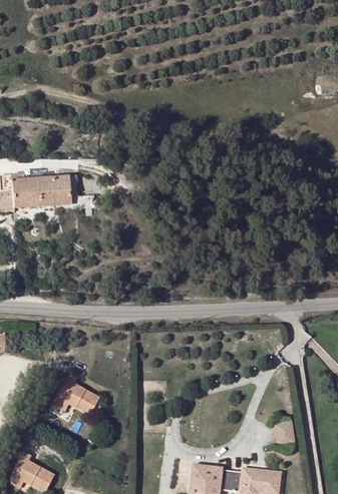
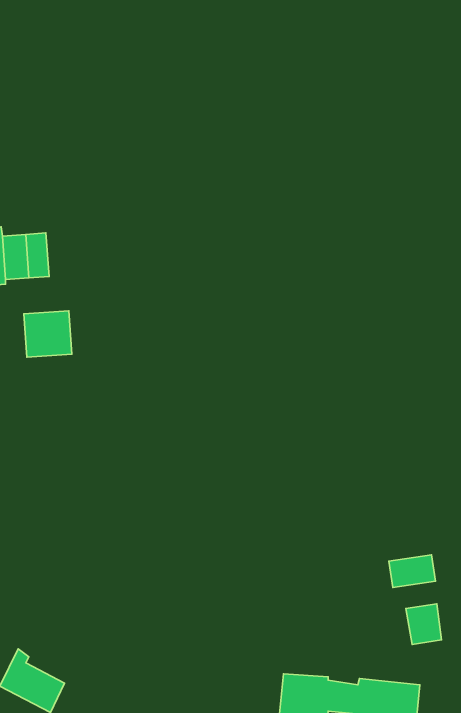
building: [40,178,71,208] -> [24,311,72,357]
building: [53,371,96,412] -> none
building: none -> [389,555,436,587]

